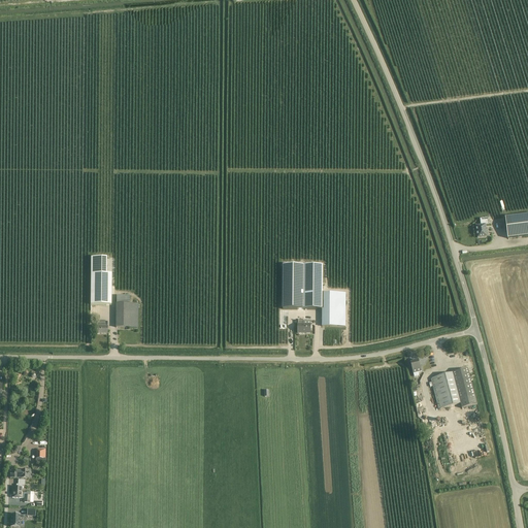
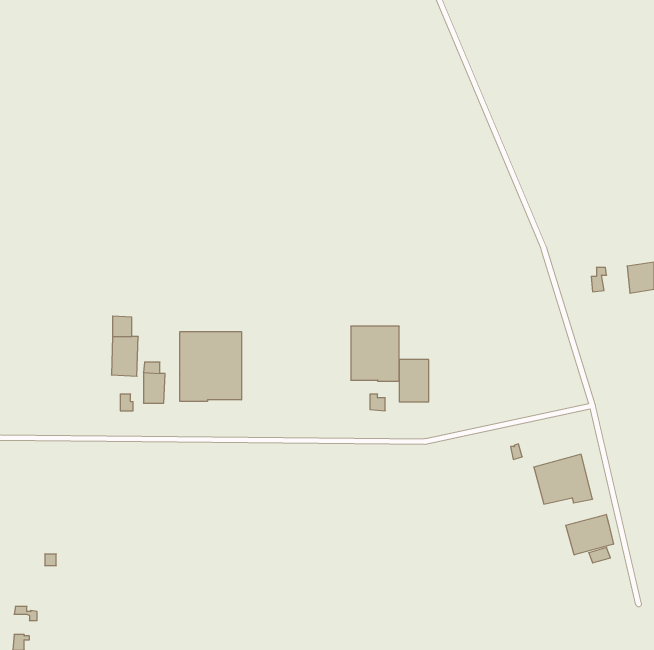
building: none -> [180,332,241,401]
building: none -> [566,514,613,555]

